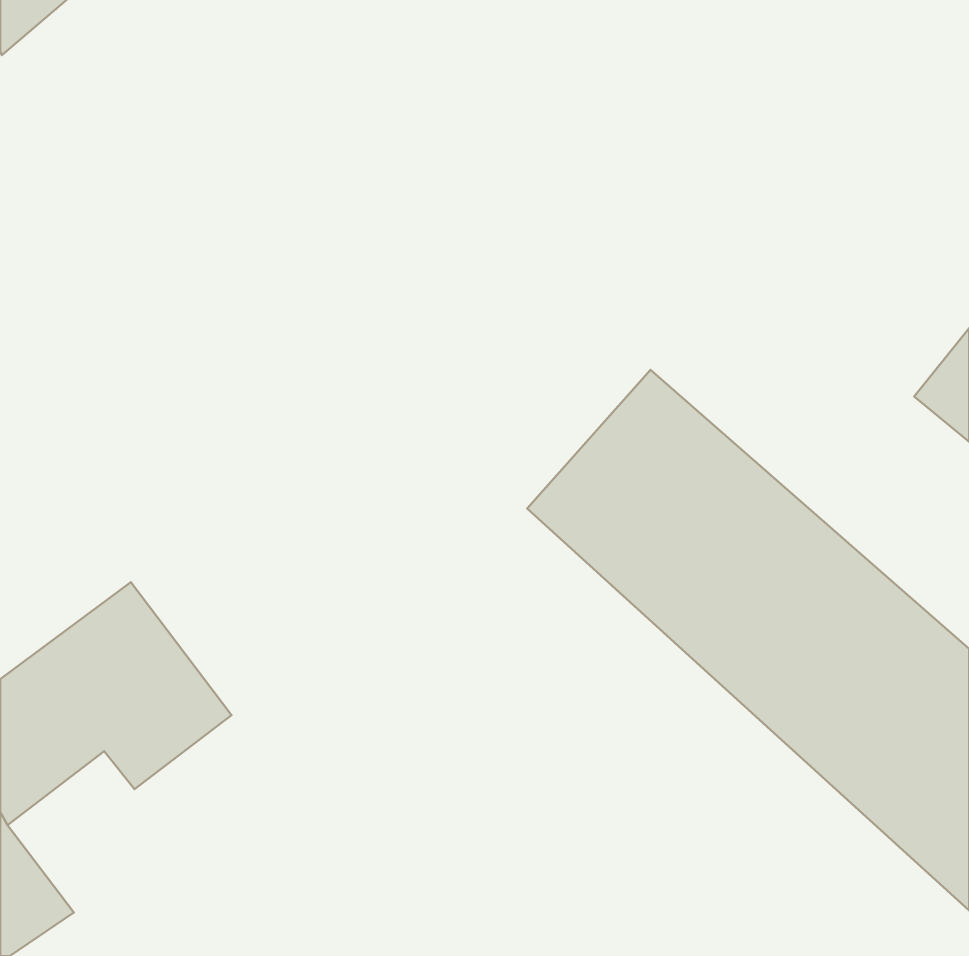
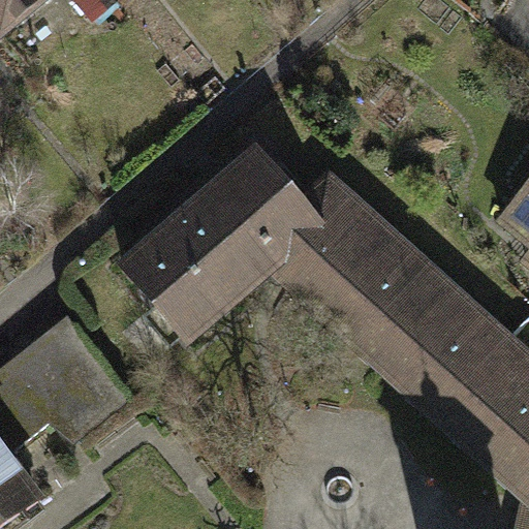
building: none -> [120,147,354,341]

